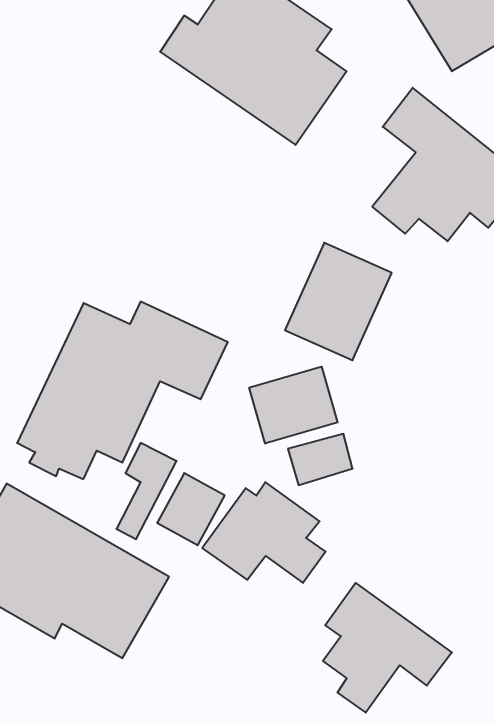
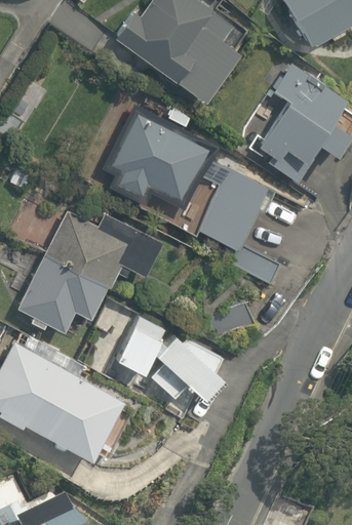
building: none -> [104,112,211,209]
building: [249,367,338,444] -> none
building: [323,583,452,713] -> none

